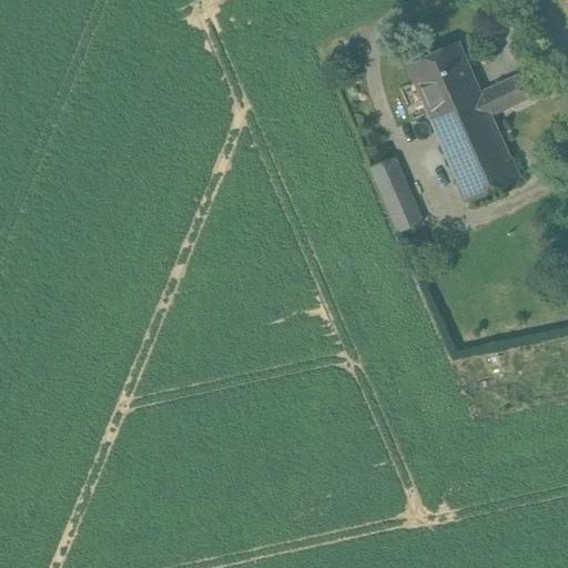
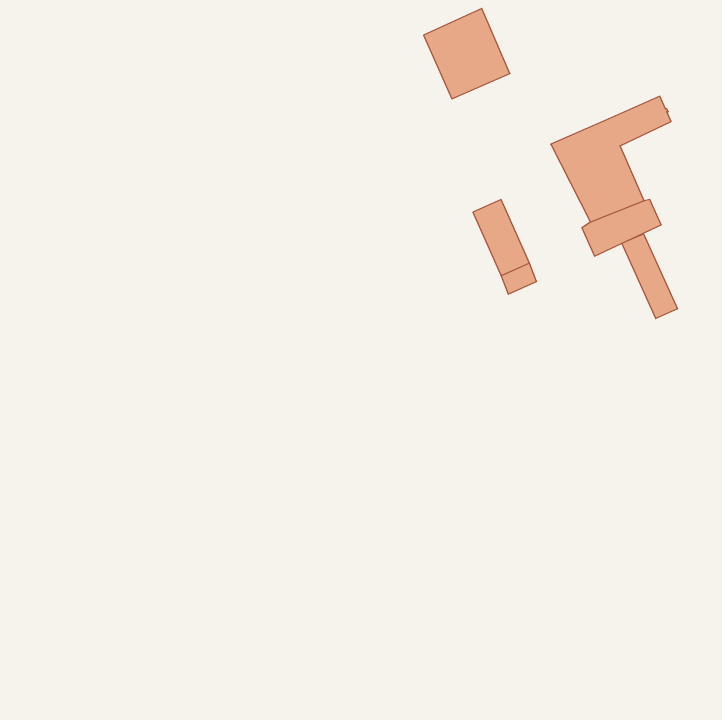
building: [409,42,477,113] -> [424,8,510,99]
building: none -> [622,234,677,319]

